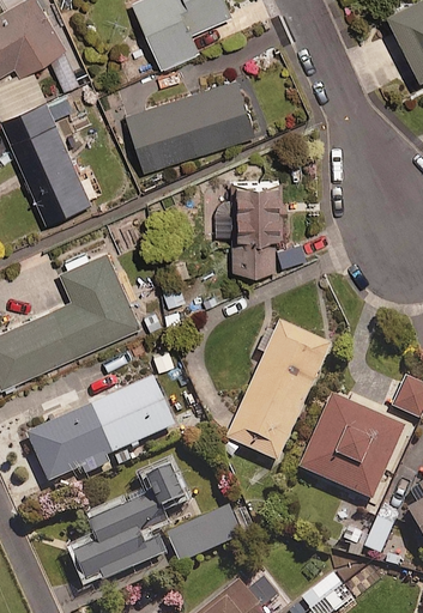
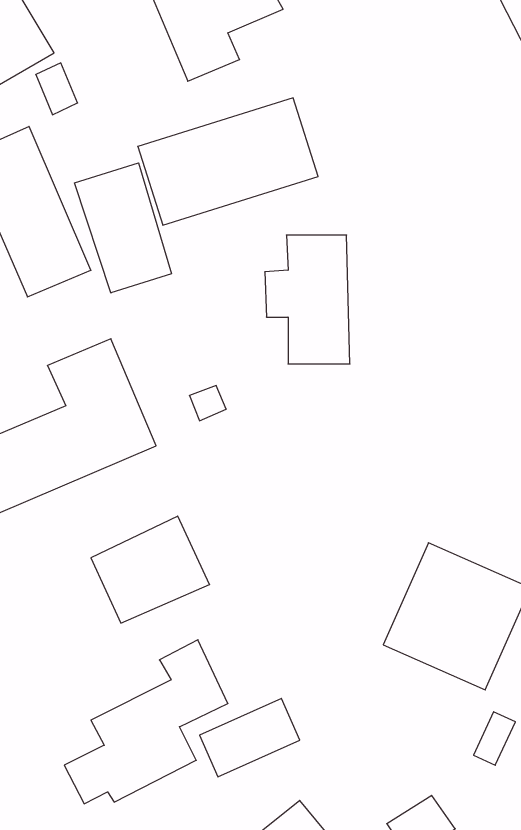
building: none -> [74,163,172,293]
building: [220,324,331,467] -> none
building: [30,408,111,480] -> none

